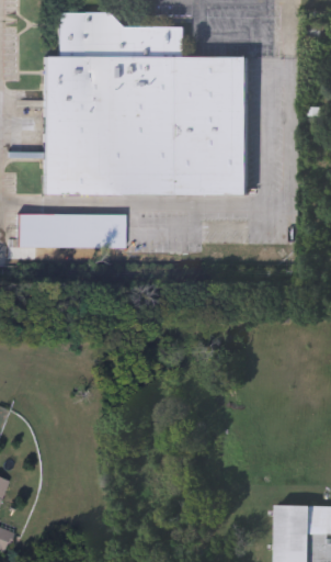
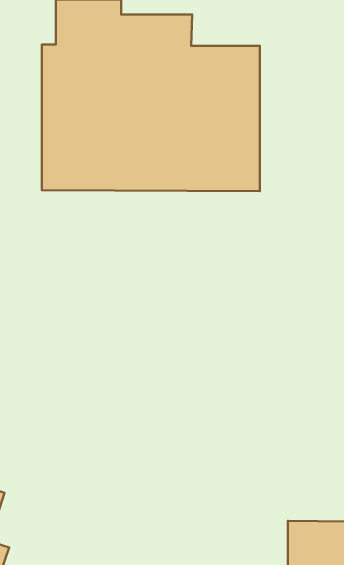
building: [16,214,123,248] -> none

